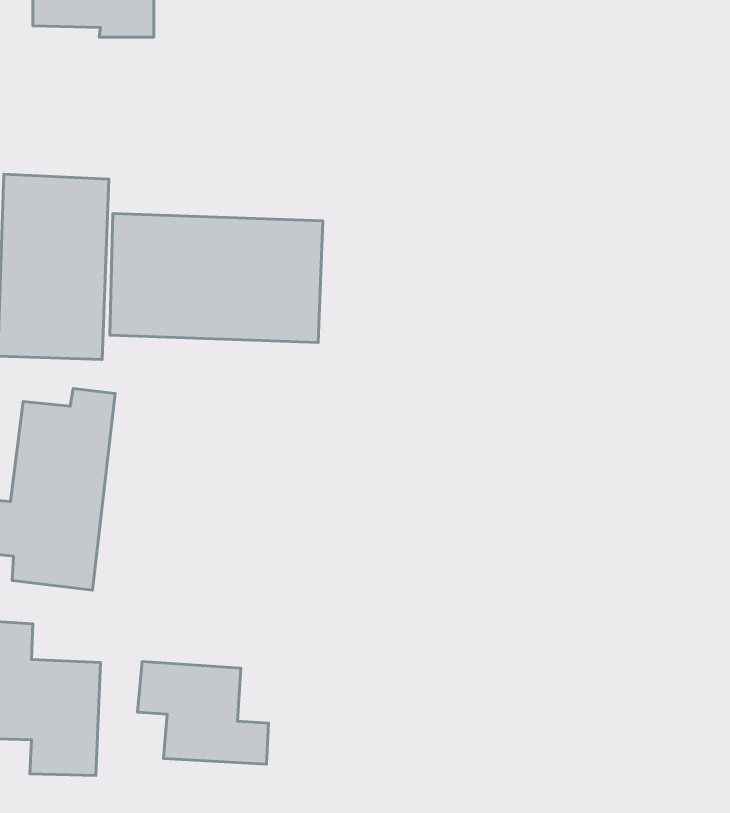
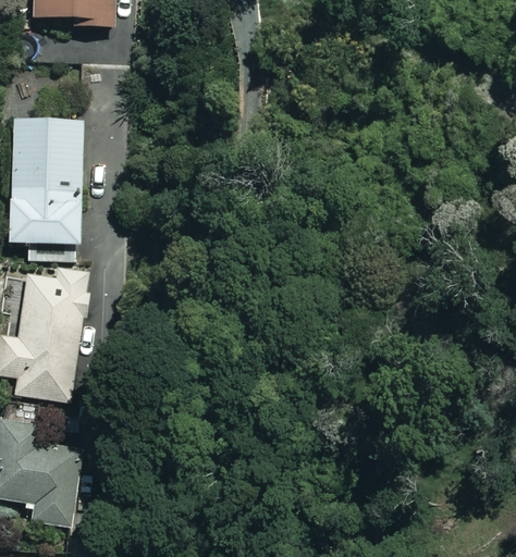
building: [110,213,323,343] -> none
building: [138,662,268,764] -> none

